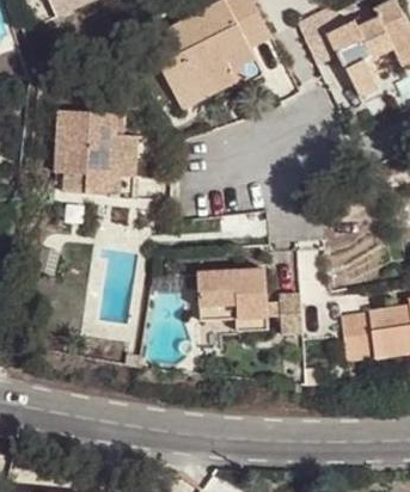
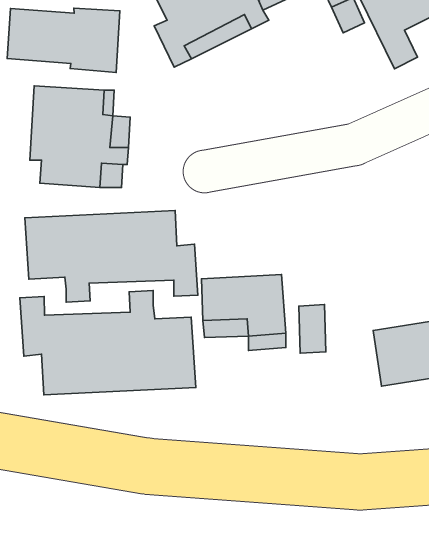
building: none -> [7,8,120,73]
building: none -> [25,210,198,302]
building: none -> [20,291,196,395]

